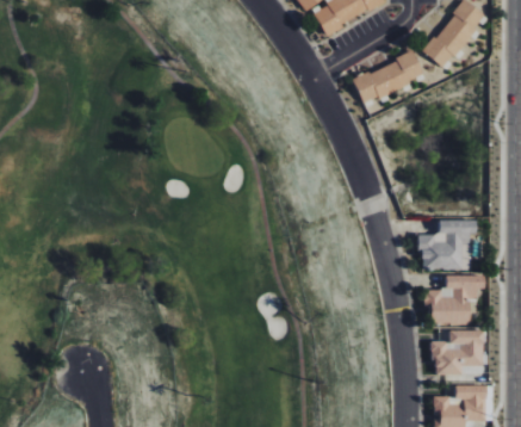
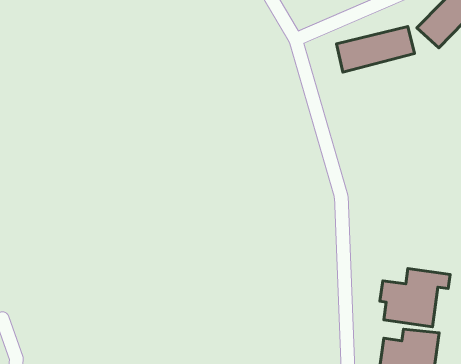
building: [422,219,478,270] -> none

